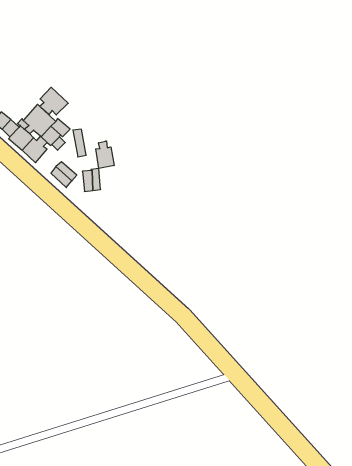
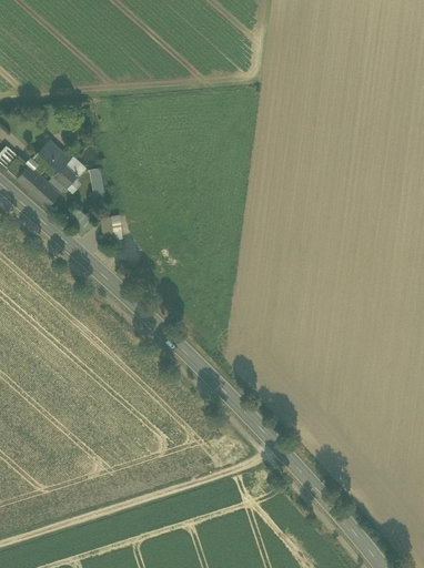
building: [40,87,68,115] -> none
building: [96,141,114,168] -> none

